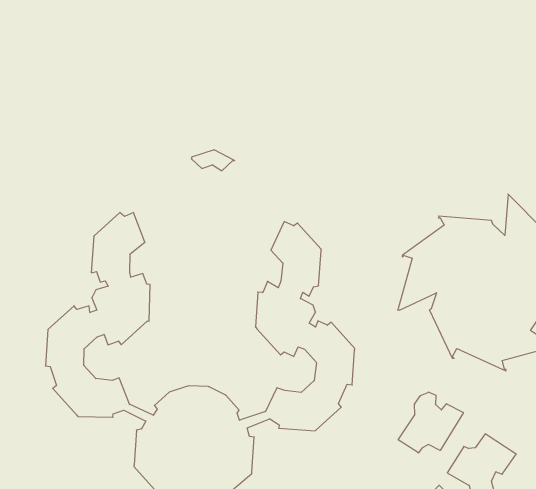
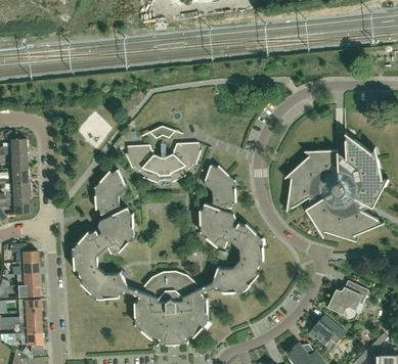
building: none -> [126,142,202,183]
building: [398,392,463,453] -> none

